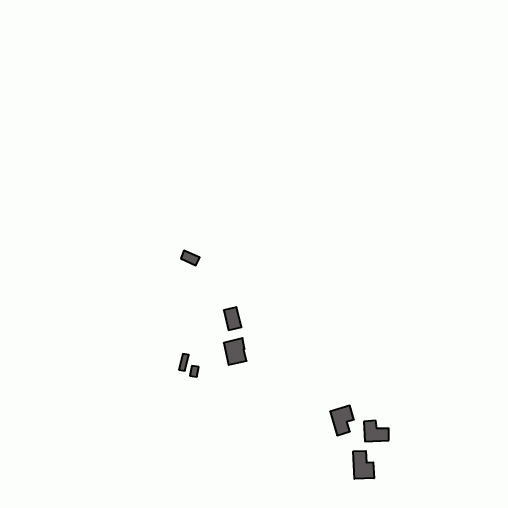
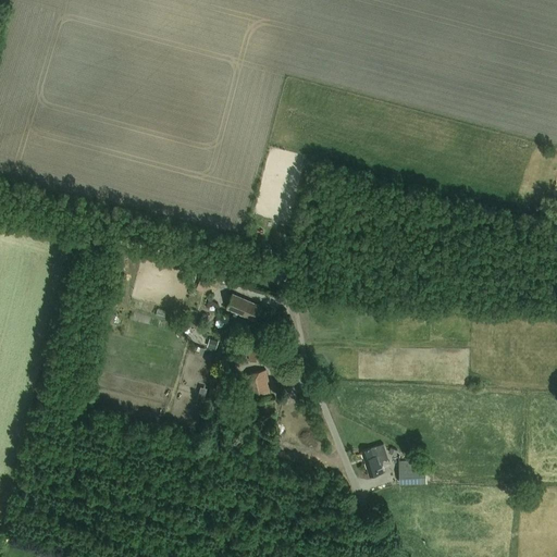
building: none -> [226,296,258,321]
building: [353,451,374,479] -> none

